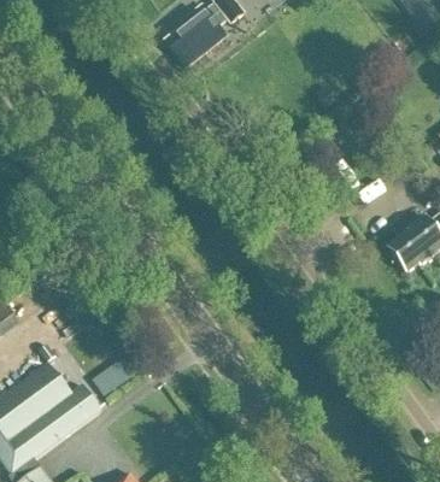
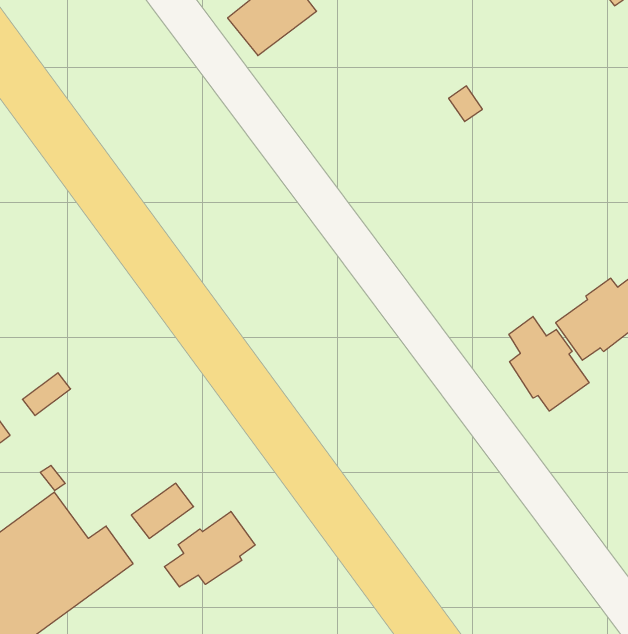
building: none -> [509,316,589,411]
building: none -> [164,511,255,587]

